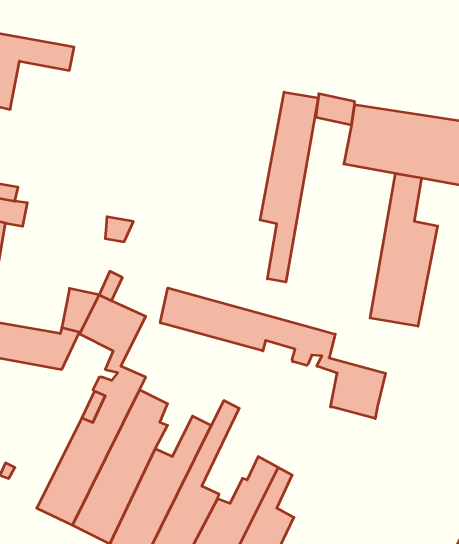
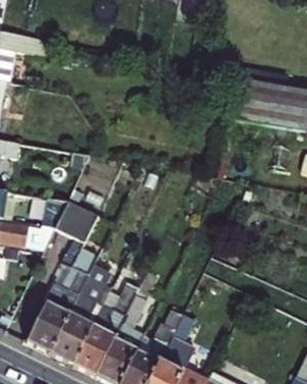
building: [260,92,318,282] -> none
building: [370,173,438,326] -> none
building: [160,288,386,419] -> none

